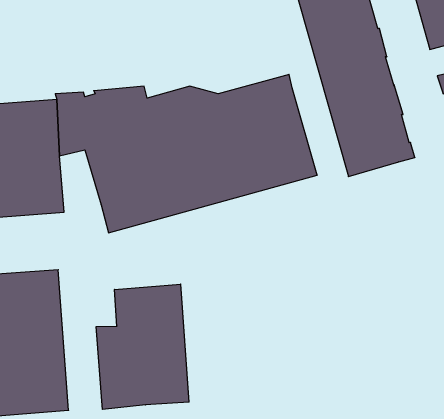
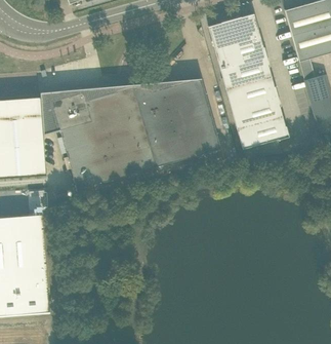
building: [96,284,189,409] -> none

